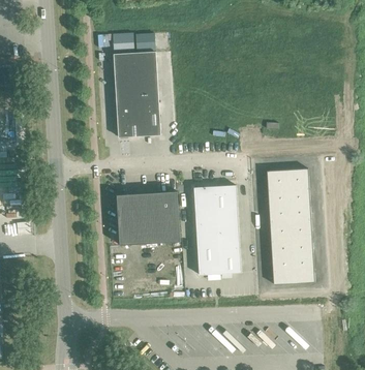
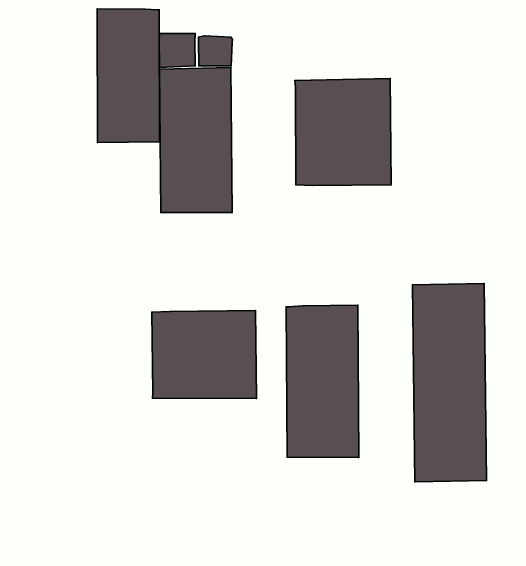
building: none -> [97,9,159,143]
building: none -> [295,79,391,185]

